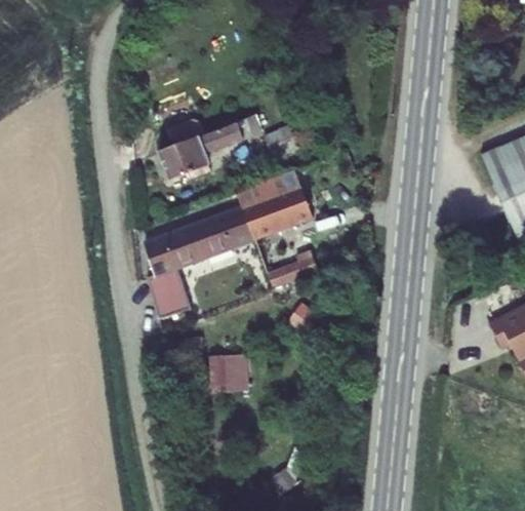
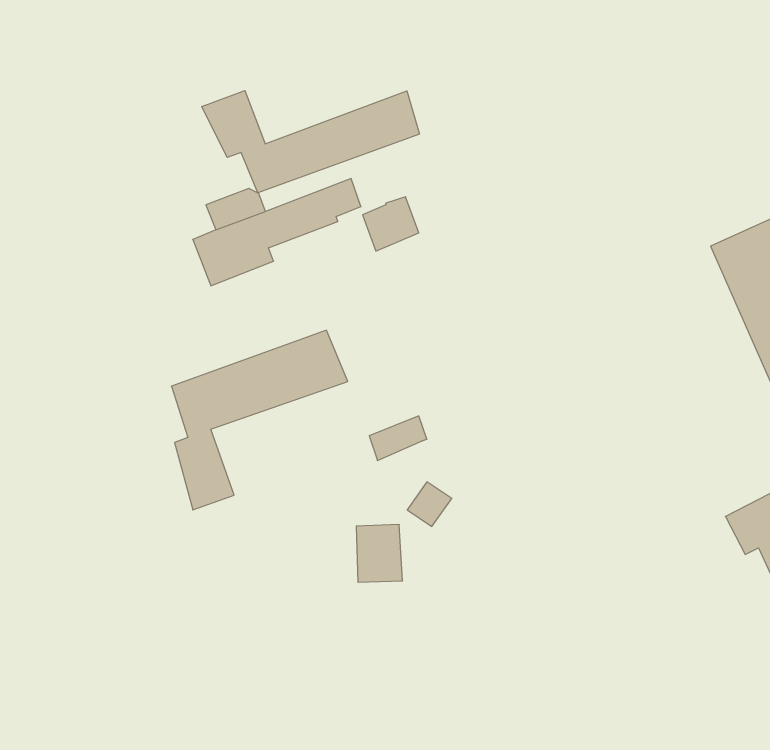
building: none -> [202,91,420,193]
building: [236,170,314,239] -> none
building: [224,351,252,387] -> [356,525,403,582]

